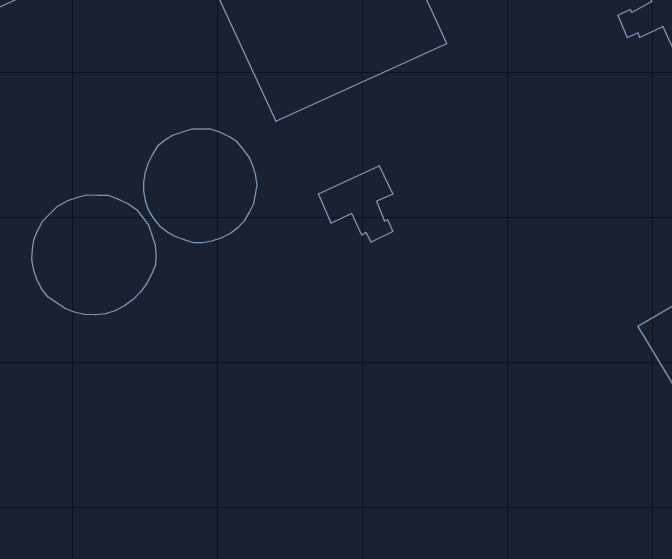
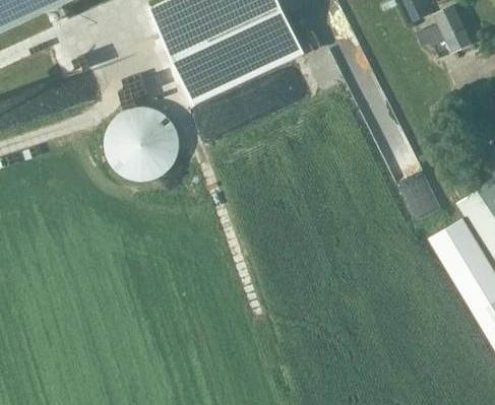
building: [318,166,393,242] -> none
building: [32,195,156,315] -> none

